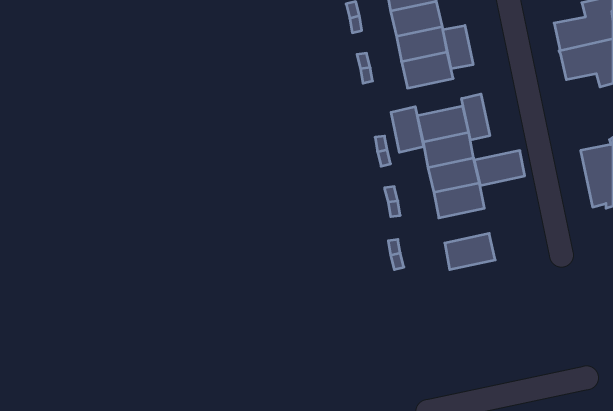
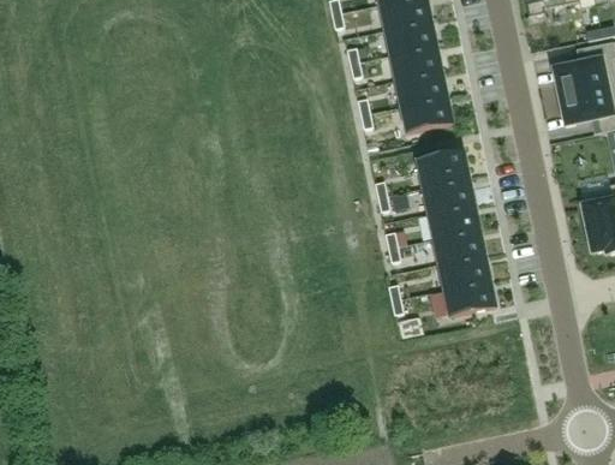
building: [443,25,473,69] -> none
building: [462,94,490,140] -> none
building: [391,107,424,152] -> none
building: [474,151,525,185] -> [438,250,489,285]

